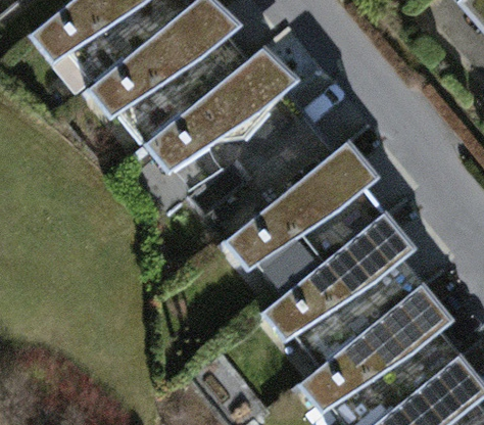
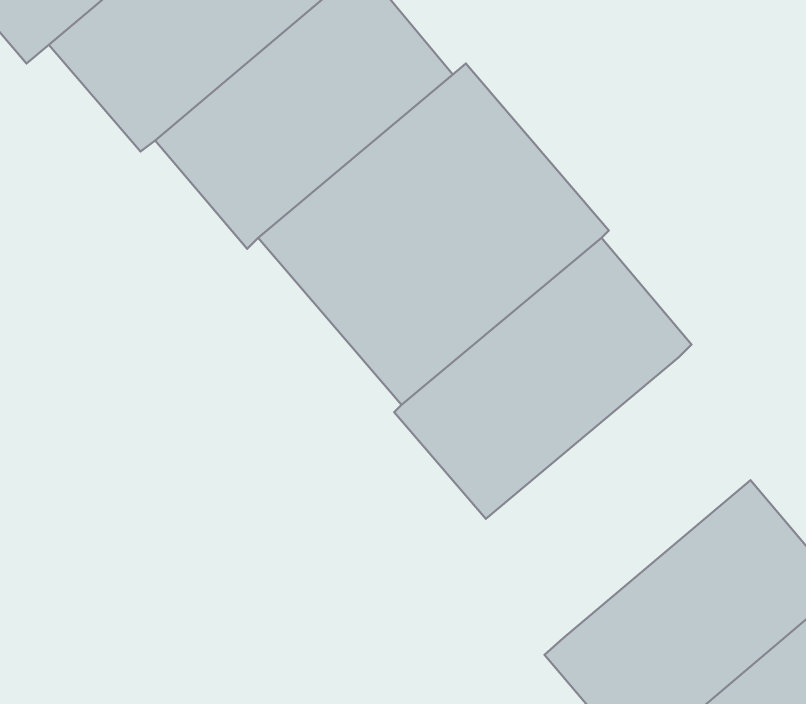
building: [265,212,432,369] -> none

